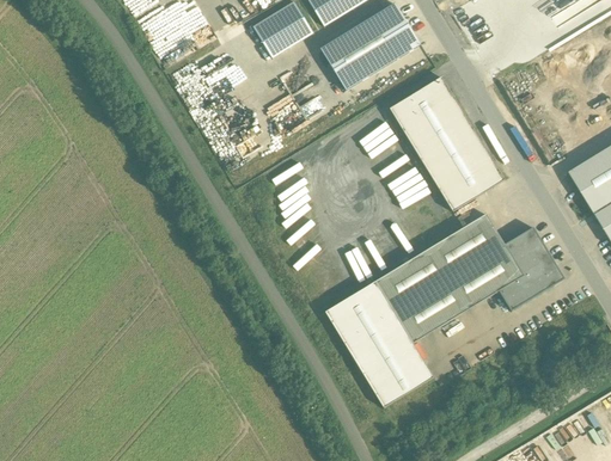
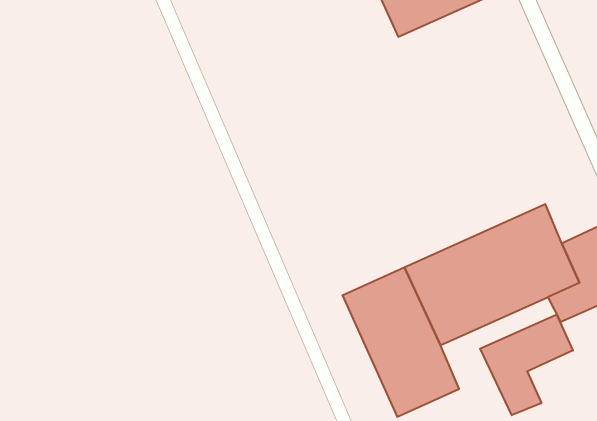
building: [389,75,503,210] -> none
building: none -> [480,314,573,415]

